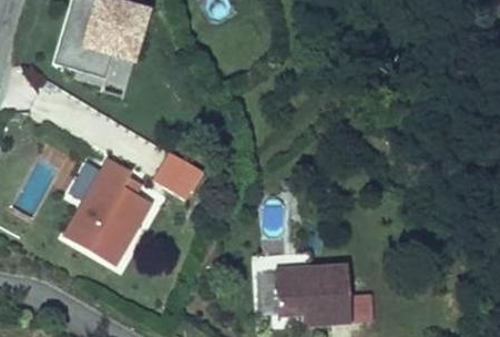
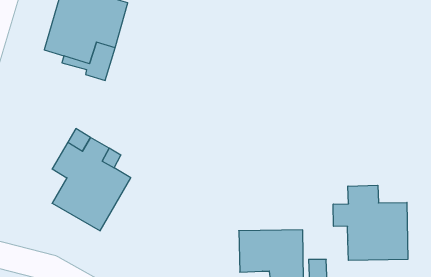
building: [152,149,201,195] -> none
building: none -> [333,185,408,260]

